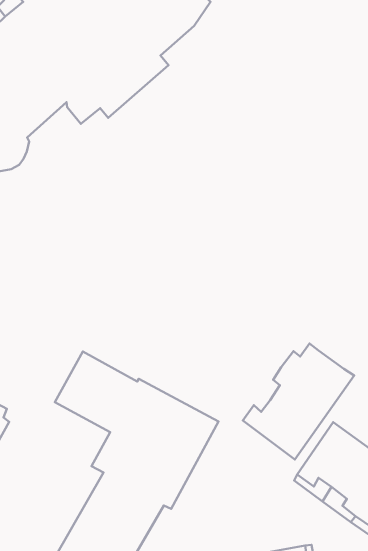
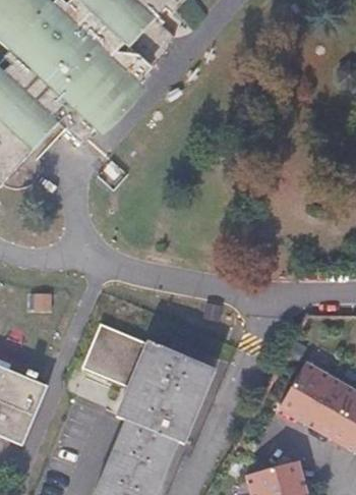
building: [243,343,354,459] -> none

